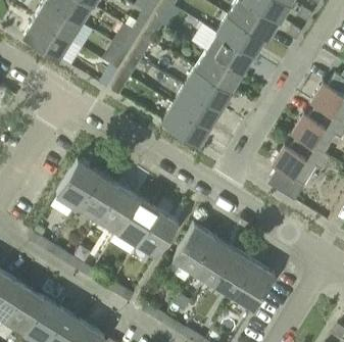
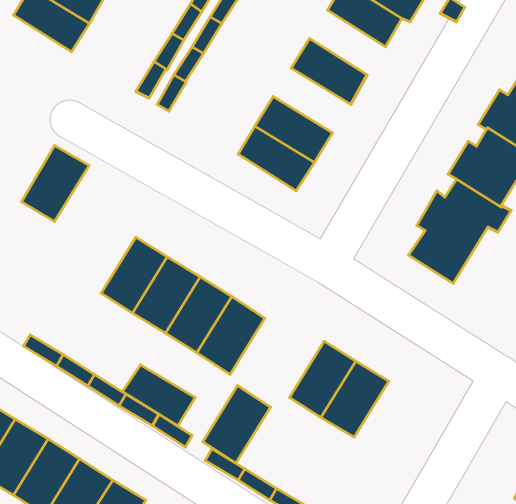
building: [206,34,253,74] -> none
building: [184,69,232,109] -> none
building: [57,161,99,208] -> [21,145,89,222]
building: [174,225,215,273] -> [203,386,271,463]
building: none -> [123,365,195,426]
building: [234,262,276,309] -> none

